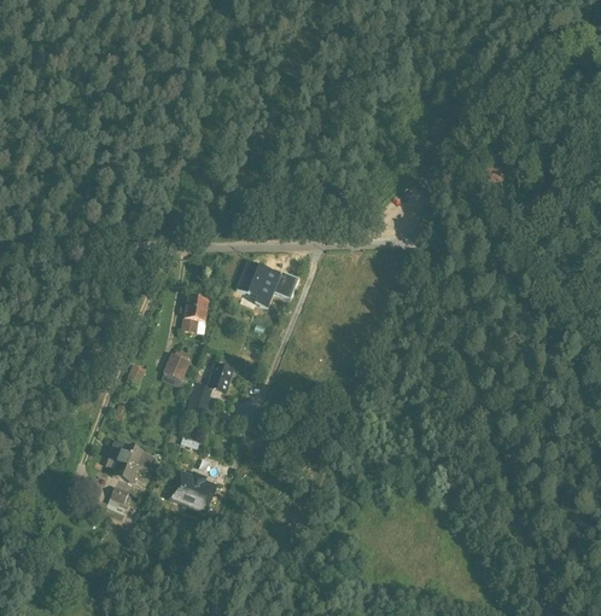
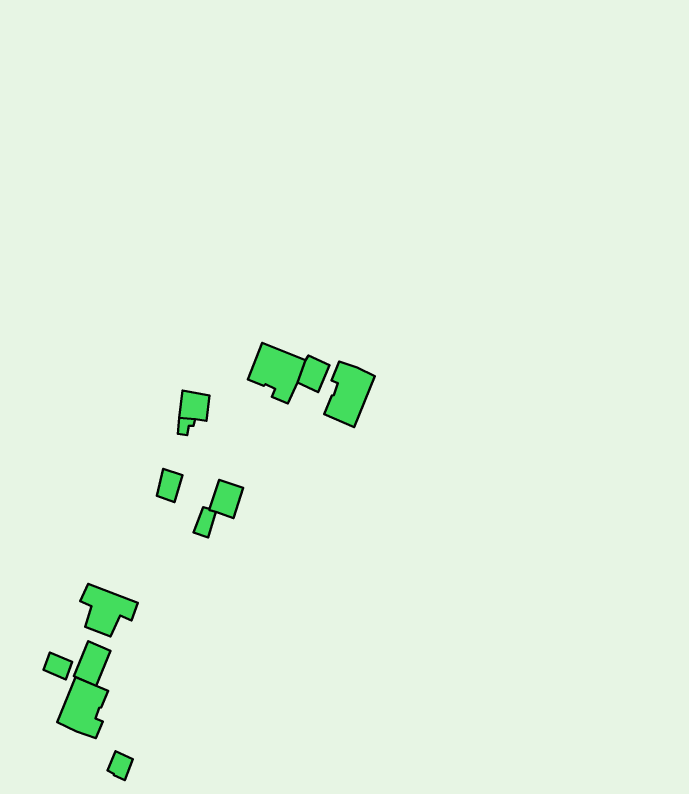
building: none -> [324,362,375,427]
building: [174,475,214,512] -> none
building: none -> [57,677,108,738]

